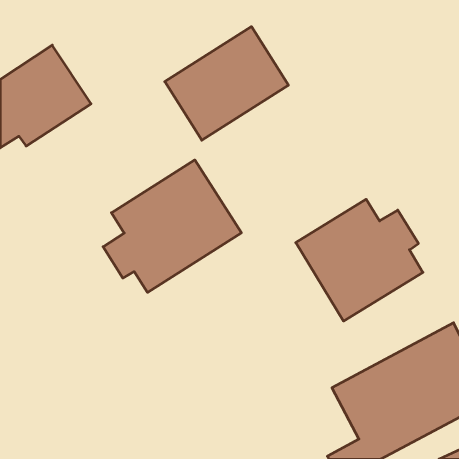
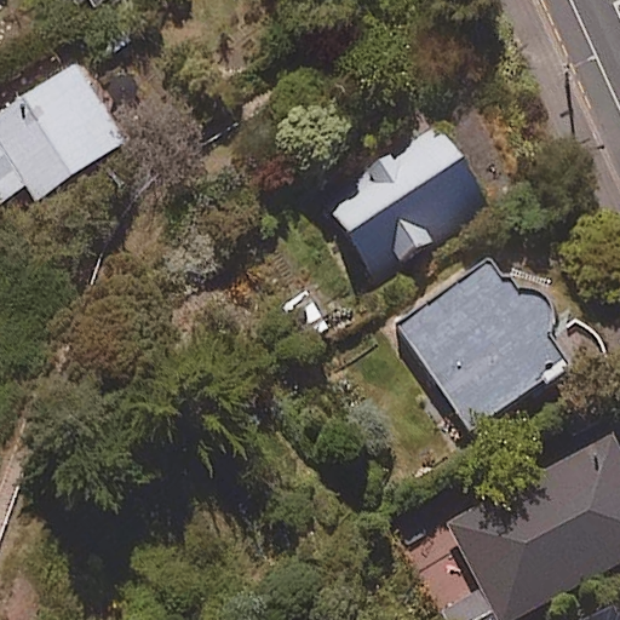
building: [165,27,288,140] -> [323,125,489,277]
building: [103,160,241,292] -> none

